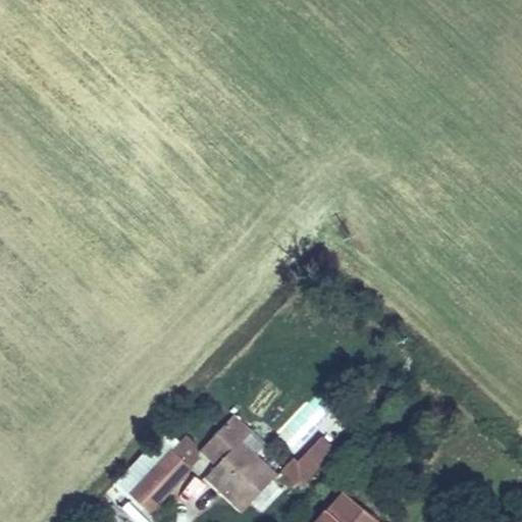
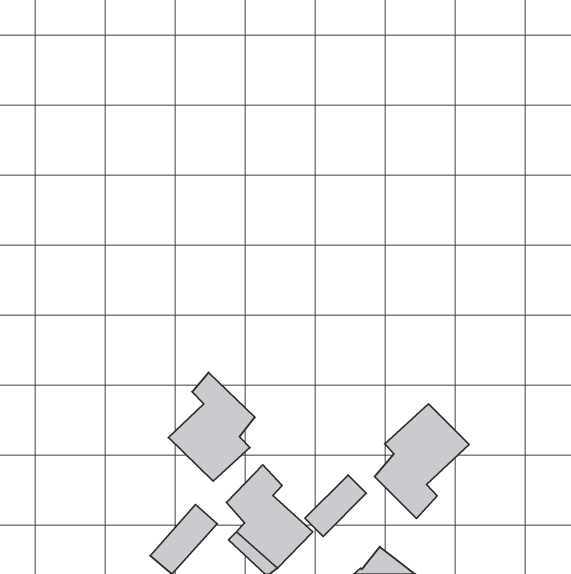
building: none -> [168,372,255,481]
building: none -> [375,404,469,518]

